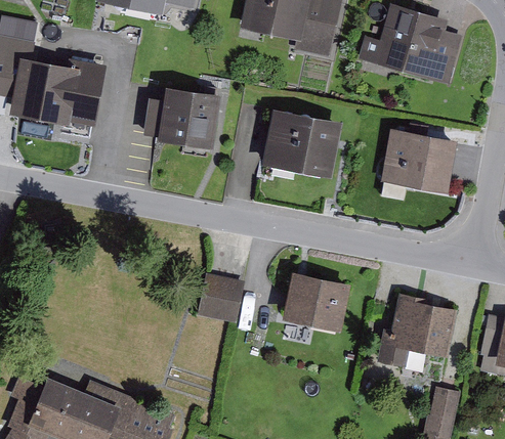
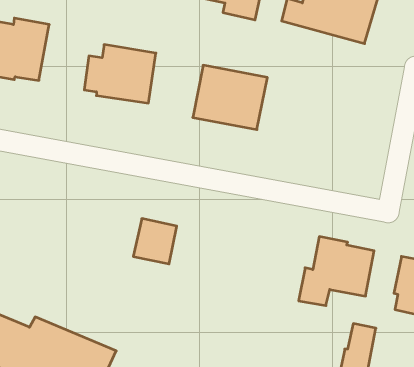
building: [380,129,457,193] -> none
building: [282,271,350,331] -> none

